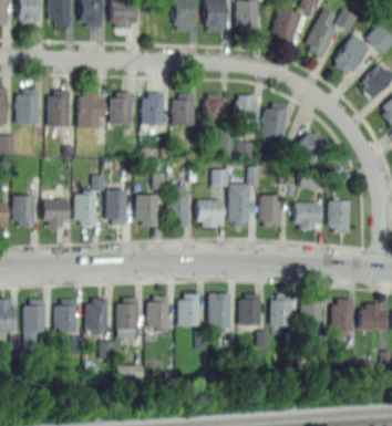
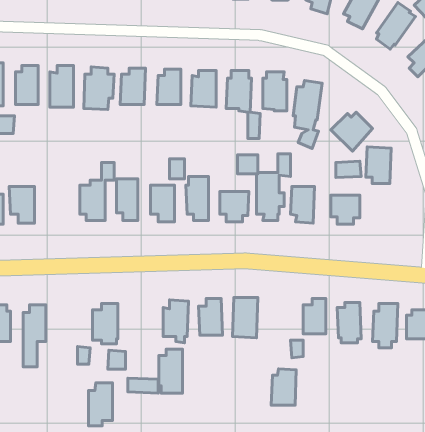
building: [328,200,350,232] -> [366,147,391,183]
building: [43,201,68,226] -> none
building: [239,293,261,325] -> [271,369,296,405]
building: [116,298,137,336] -> [159,349,183,393]
building: [55,299,76,336] -> [88,383,112,426]

